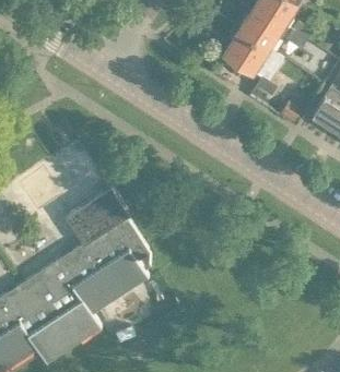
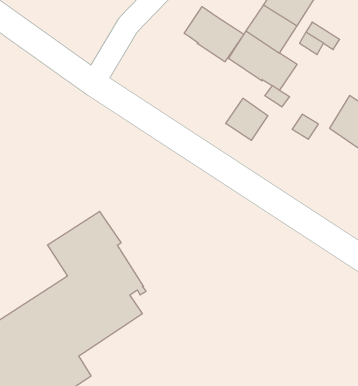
building: none -> [184,7,244,62]
building: none -> [226,98,268,140]

